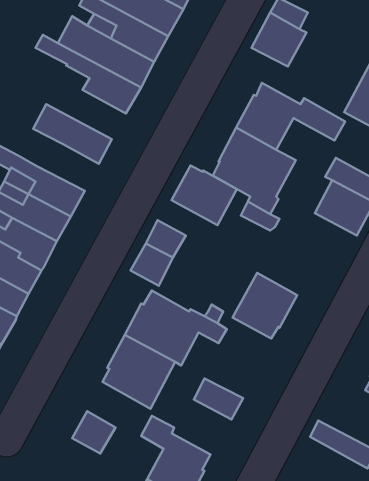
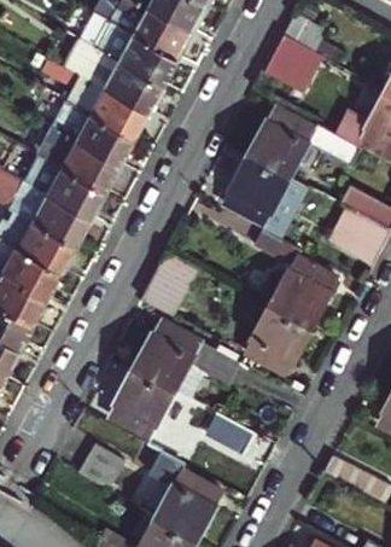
building: none -> [52,103,134,165]
building: none -> [23,155,106,219]
building: [171,166,237,225] -> none
building: none -> [269,256,334,326]

